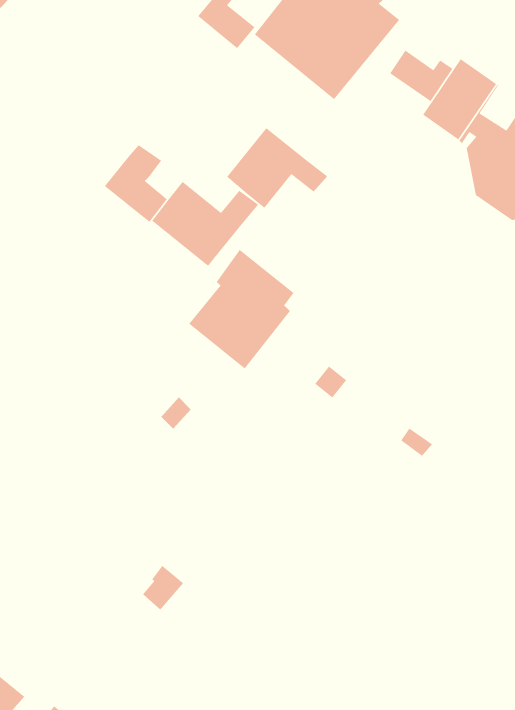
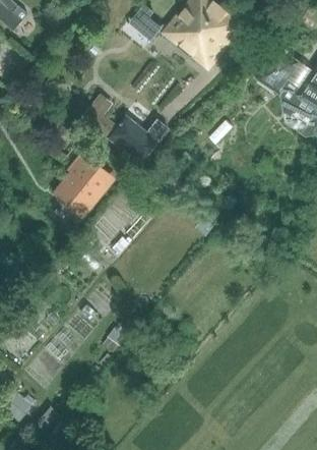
building: [389,50,454,102] -> none
building: [226,127,328,209] -> none
building: [188,249,294,370] -> [50,152,109,219]

